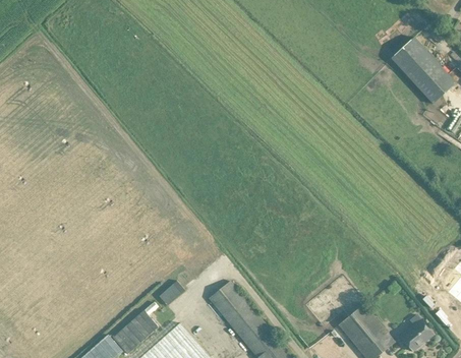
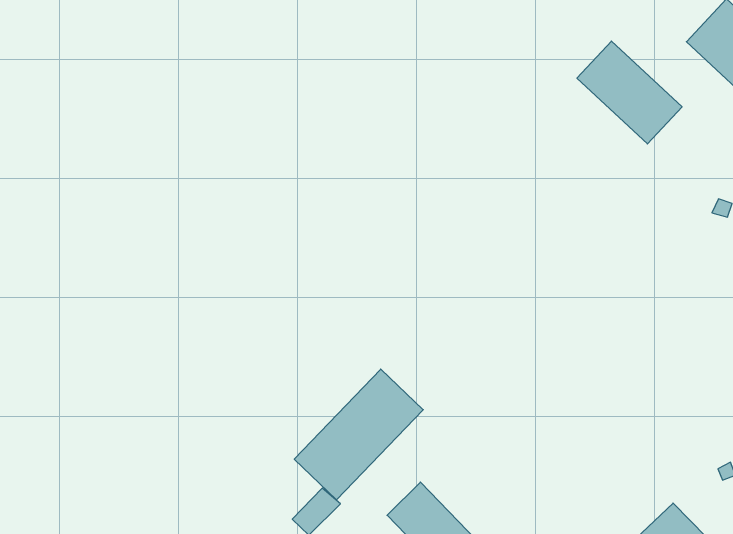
building: none -> [577,41,682,144]
building: none -> [294,369,423,500]

